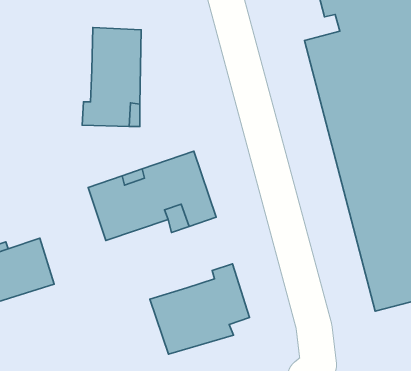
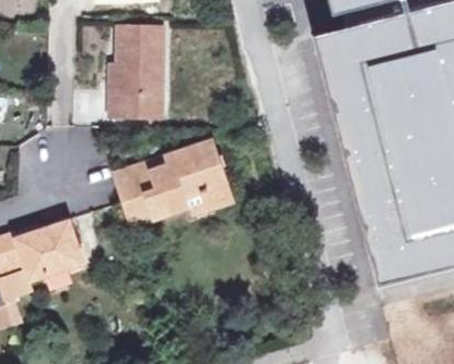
building: [150,264,250,354] -> none

